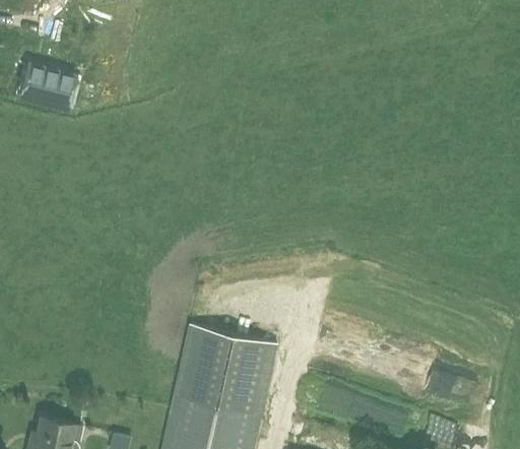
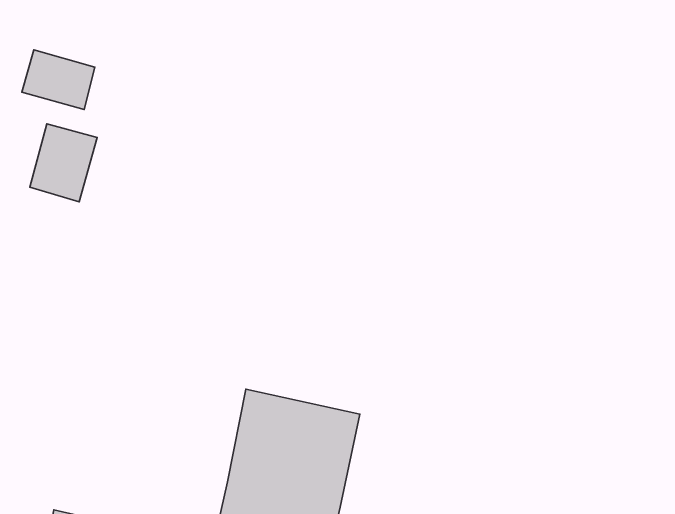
building: none -> [30,124,97,202]

